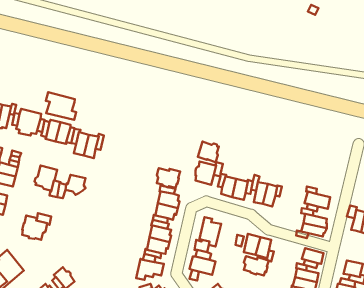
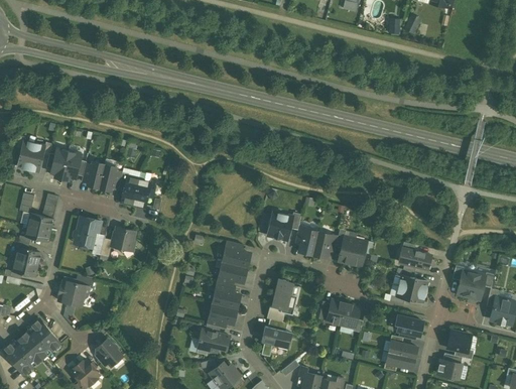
building: [46,92,76,120] -> none
building: [198,142,219,162] -> none
building: [157,168,180,188] -> none
building: [244,256,269,275] -> none

